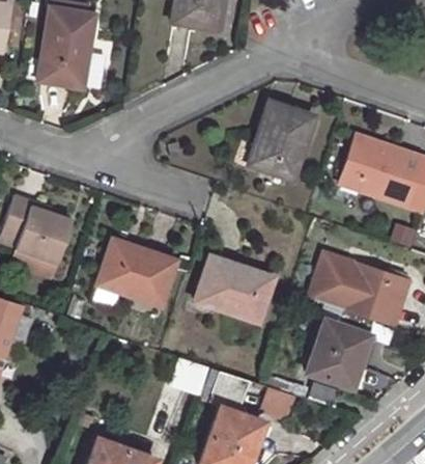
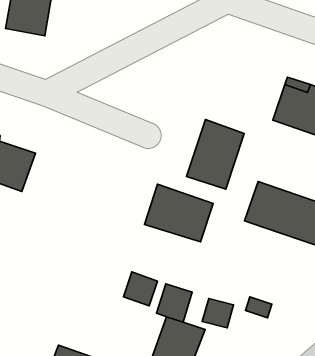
building: [249,100,314,179] -> [186,120,244,189]
building: [97,239,176,305] -> none
building: [307,304,375,386] -> none

